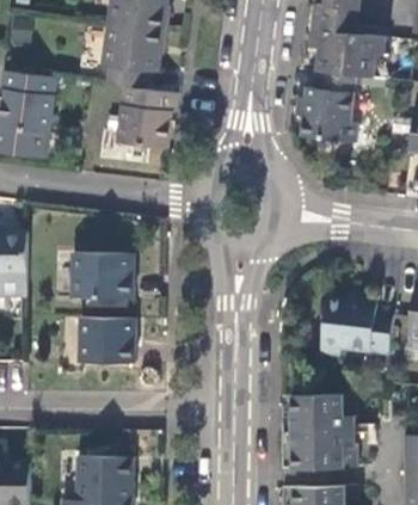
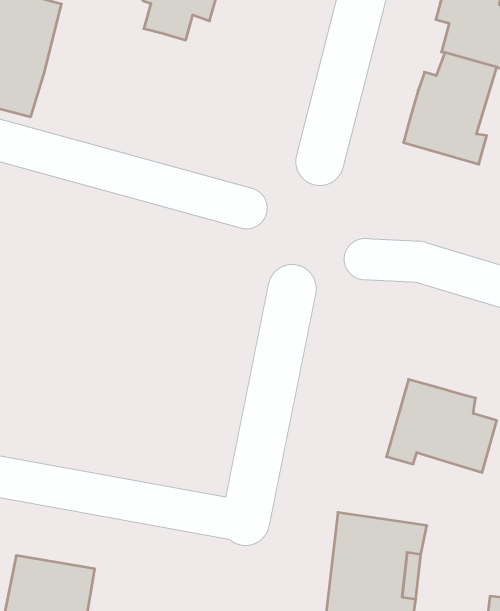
building: [117,86,178,148] -> none
building: [72,254,131,300] -> none
building: [78,316,134,362] -> none

